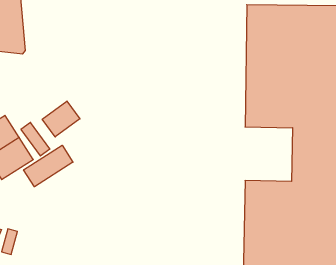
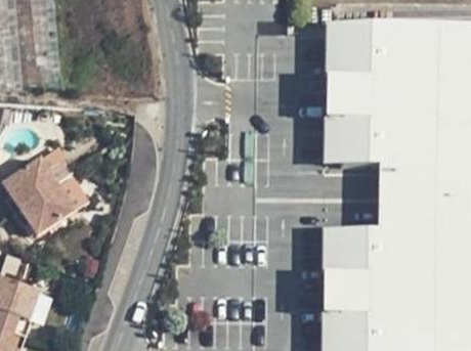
building: [42,101,80,137] -> none
building: [24,145,73,187] -> none

